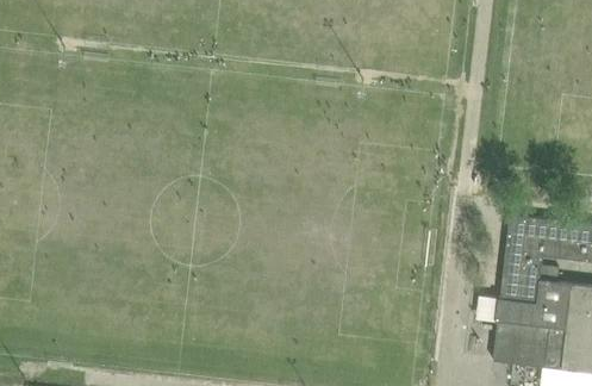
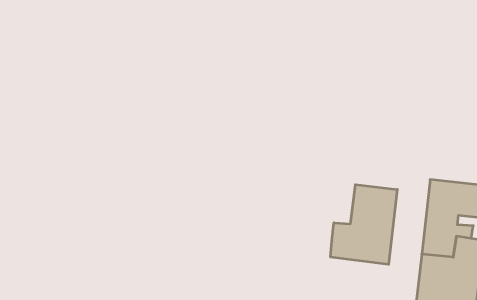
building: none -> [331,185,397,264]

